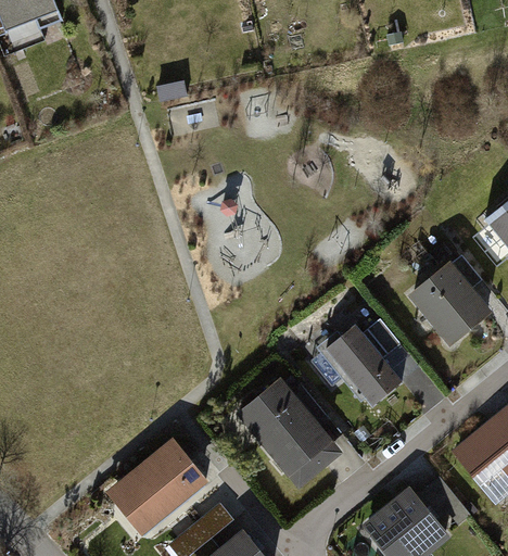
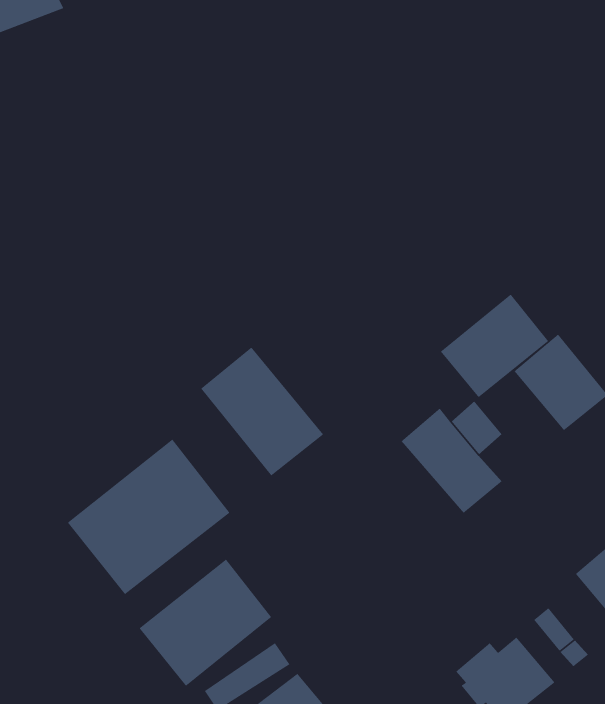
building: none -> [440,294,549,398]
building: none -> [67,438,230,595]
building: [240,379,336,480] -> [200,347,324,476]

